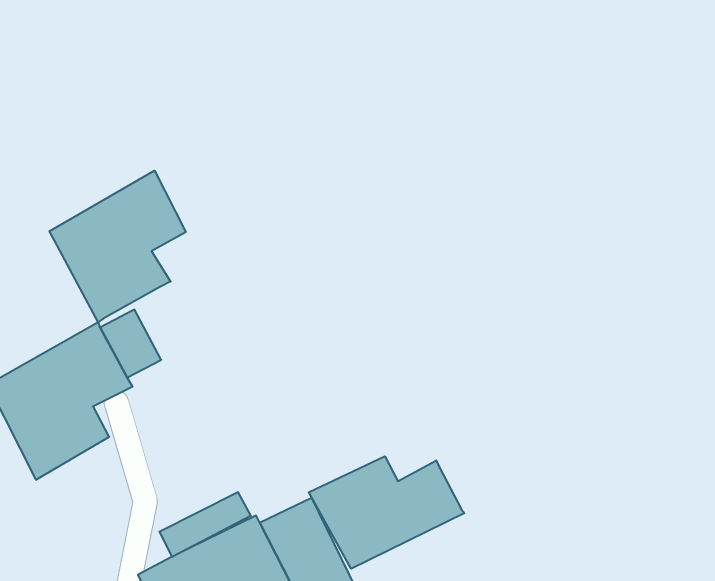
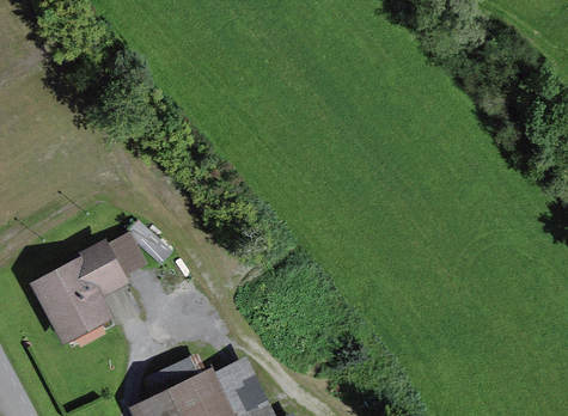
building: [49,171,186,322] -> none
building: [309,456,464,569] -> none

